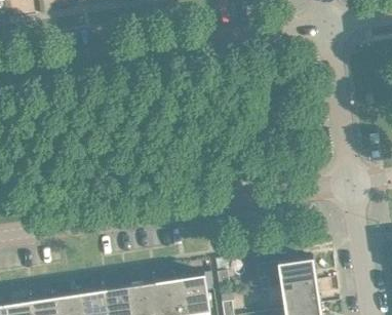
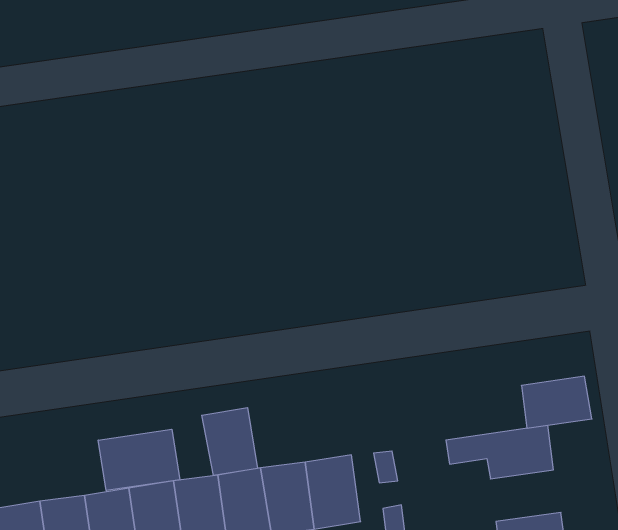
building: none -> [202,408,257,475]
building: none -> [98,429,180,491]
building: [281,281,320,310] -> [521,376,592,428]

